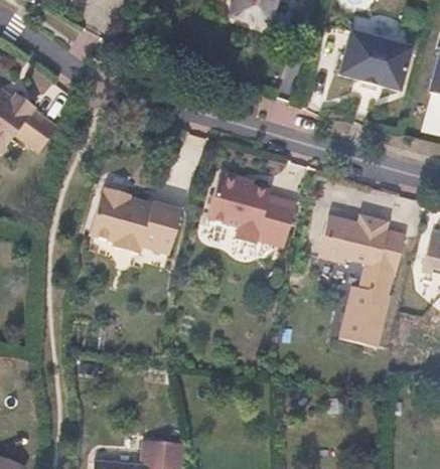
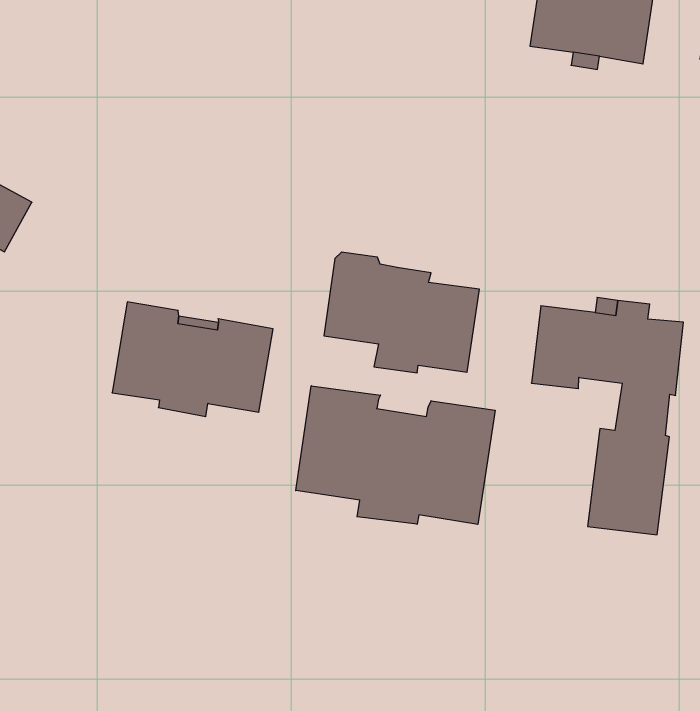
building: none -> [296,386,495,524]

